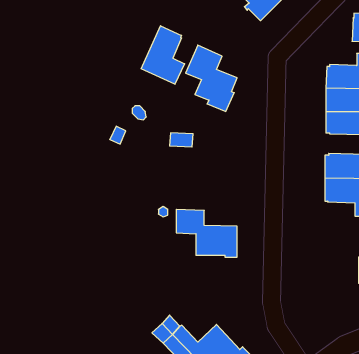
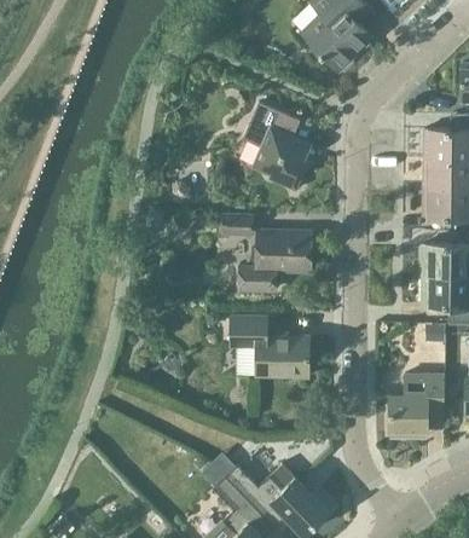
building: [141,26,185,84] -> none
building: none -> [239,232,311,290]
building: none -> [388,323,442,438]

